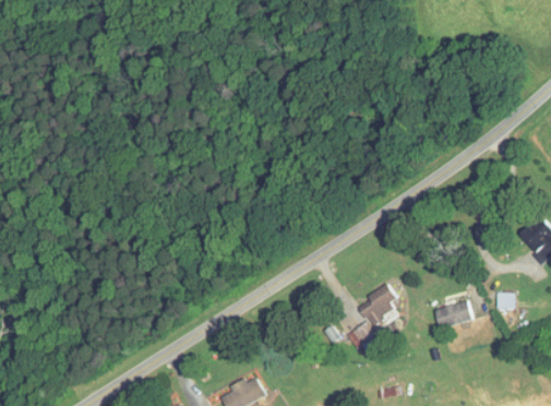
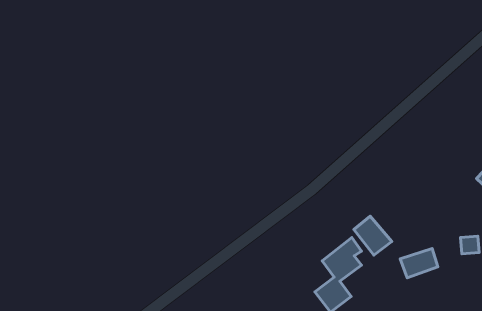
building: none -> [354,216,392,255]

